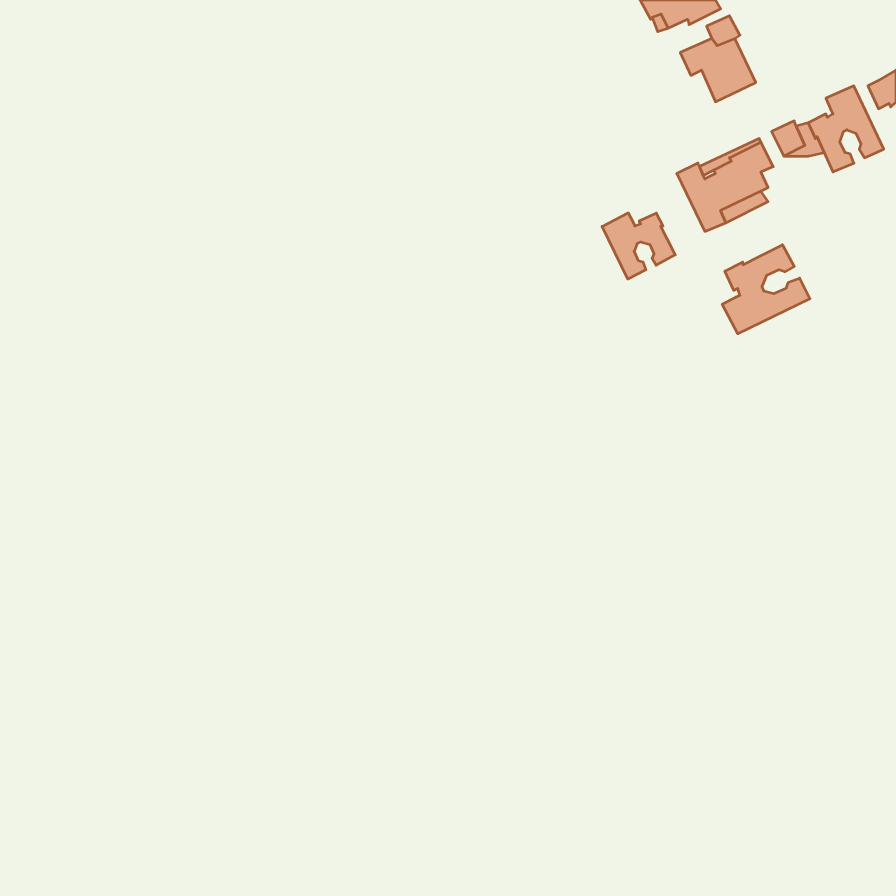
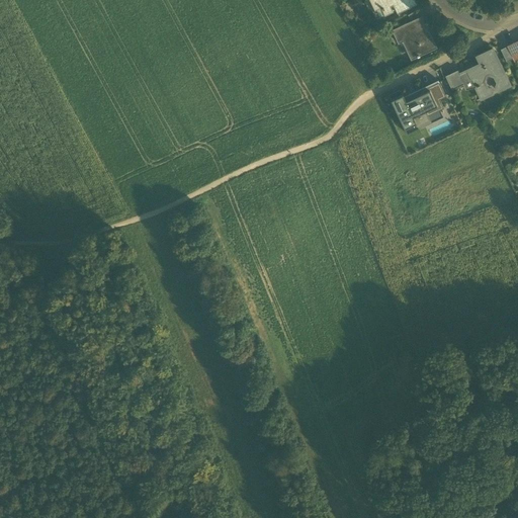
building: [602,213,675,279] -> none
building: [722,245,810,334] -> none

